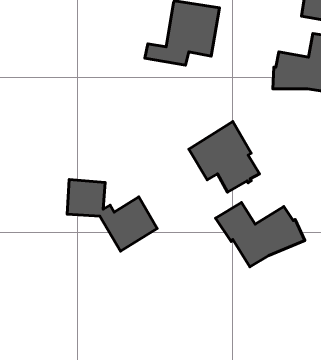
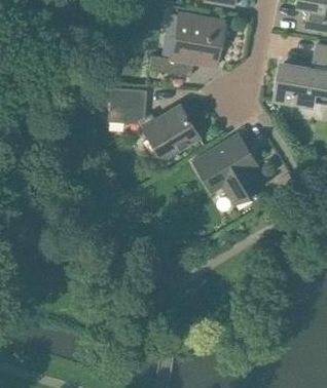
building: [67,179,157,251] -> [108,86,198,158]
building: [216,203,305,267] -> none

